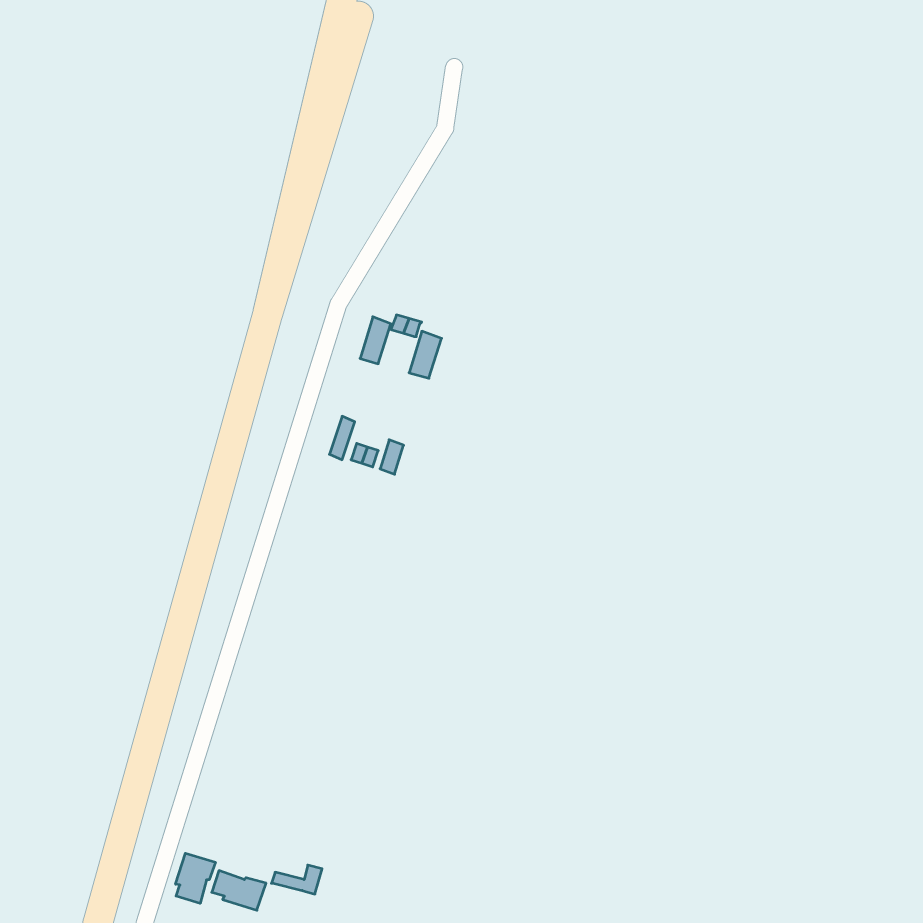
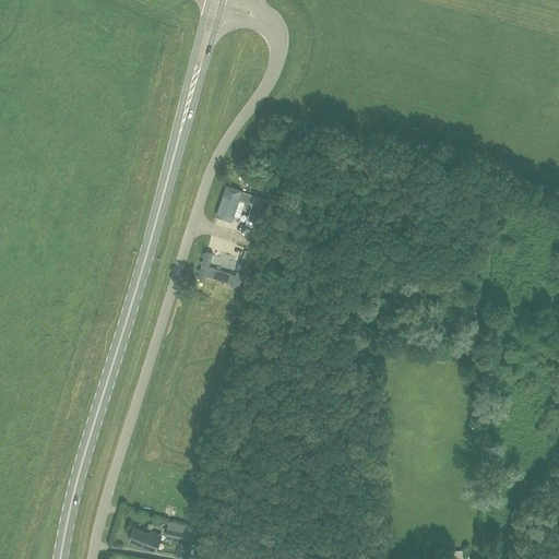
building: [176,853,215,903] -> none

